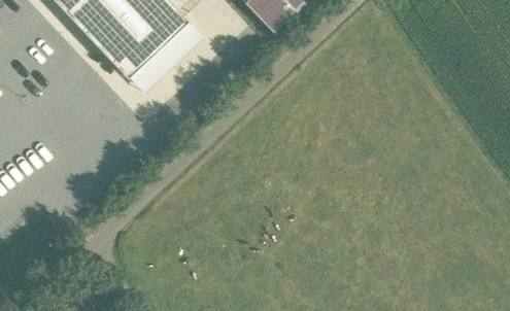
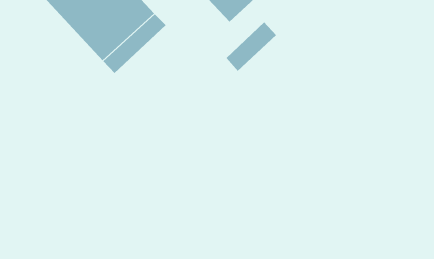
building: none -> [226,21,277,72]

